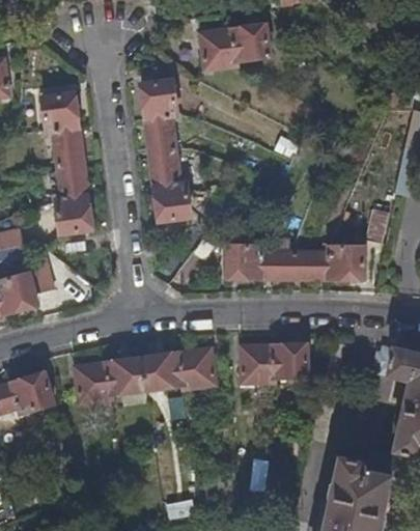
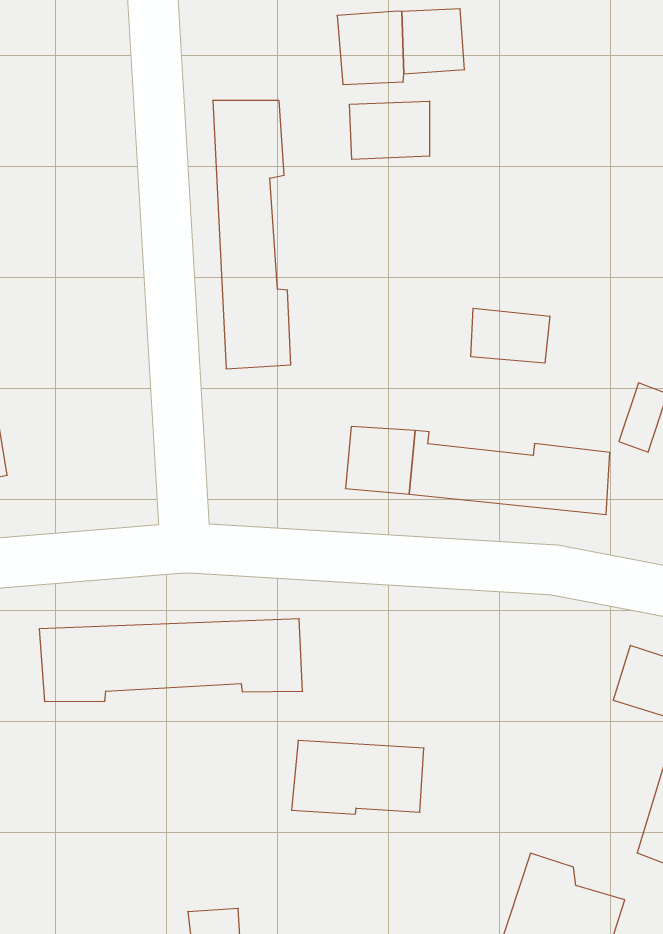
building: none -> [350,101,430,159]
building: [39,93,92,235] -> none
building: none -> [471,308,550,363]
building: [240,344,306,383] -> [292,740,424,814]

